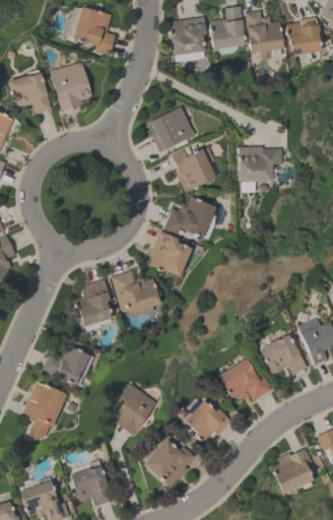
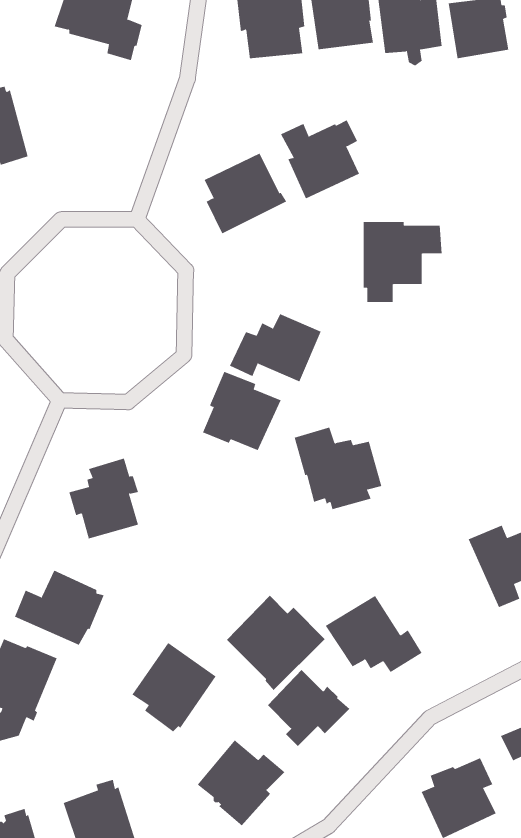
building: [49,63,91,112] -> none
building: [171,148,215,193] -> [280,120,360,199]
building: [111,270,160,317] -> [294,427,382,510]
building: [259,332,307,375] -> none
building: none -> [226,595,325,691]

